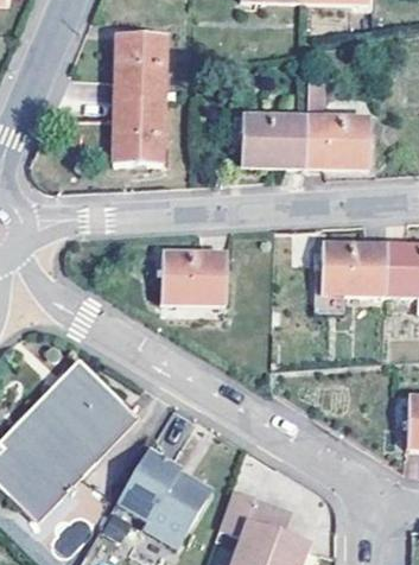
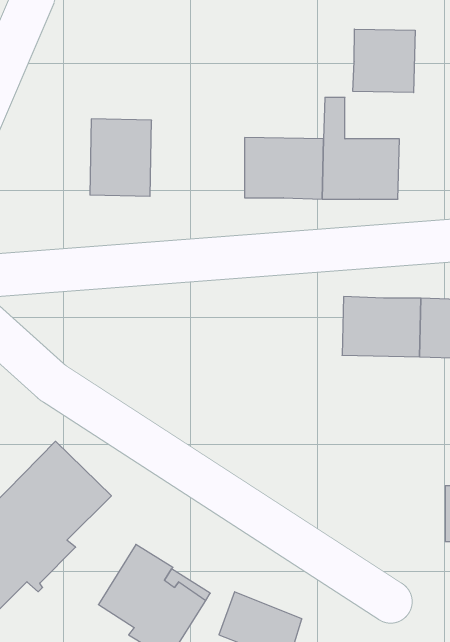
building: none -> [353,29,415,93]
building: [114,37,164,100] -> none
building: [161,253,228,305] -> none

